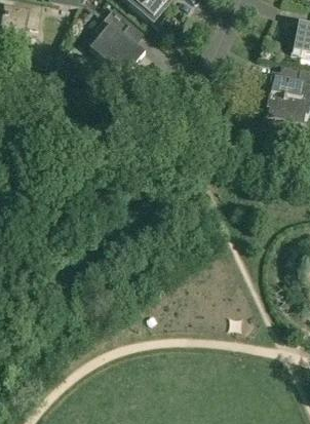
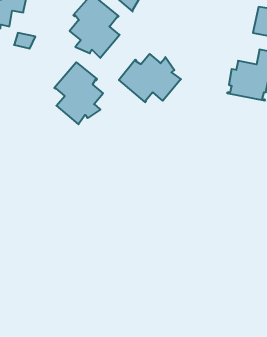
building: none -> [119,54,181,102]
building: none -> [54,62,103,124]

